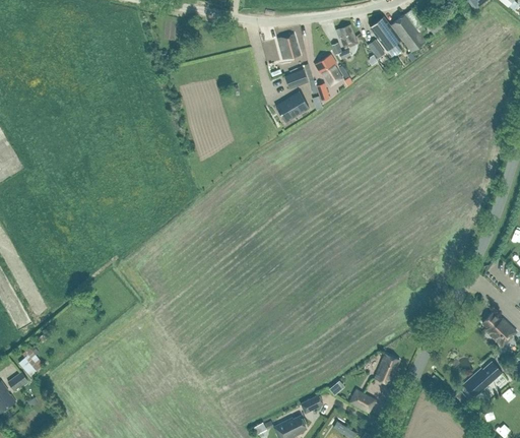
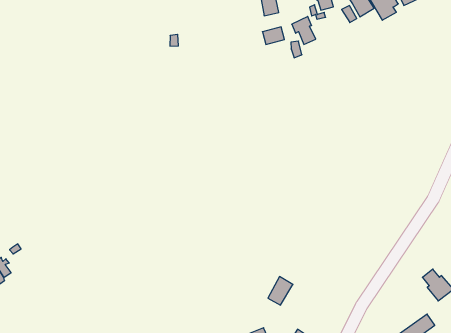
building: [275,90,309,123] -> none
building: [374,353,399,383] -> [268,277,293,305]

